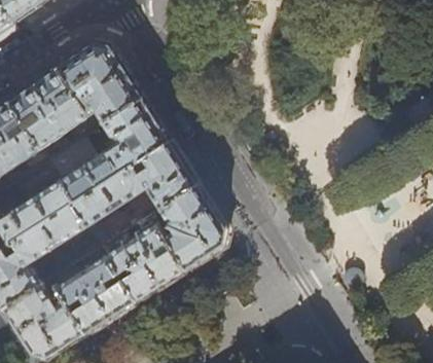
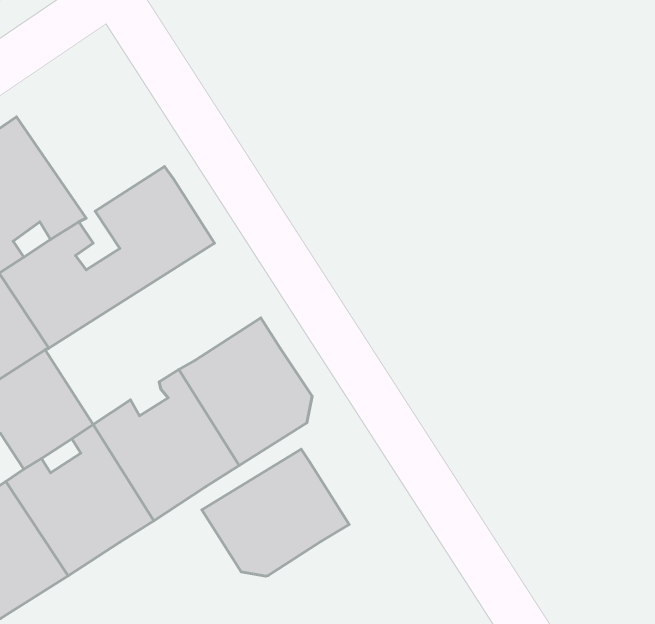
building: [55,43,140,128] -> none
building: [71,142,195,247] -> none
building: none -> [202,449,349,576]

